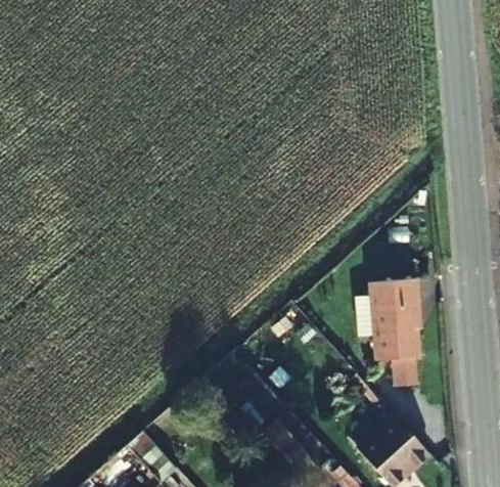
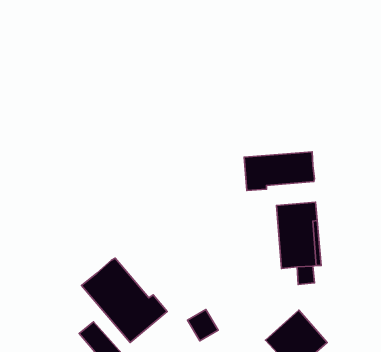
building: none -> [244,152,314,190]
building: none -> [82,258,167,342]

